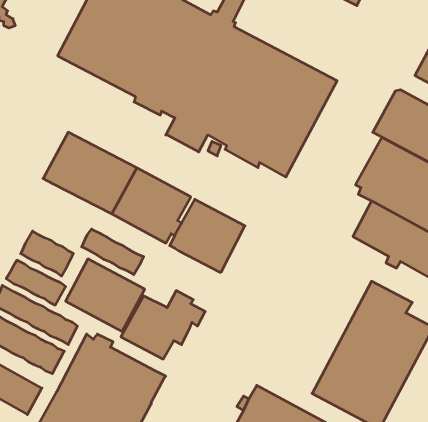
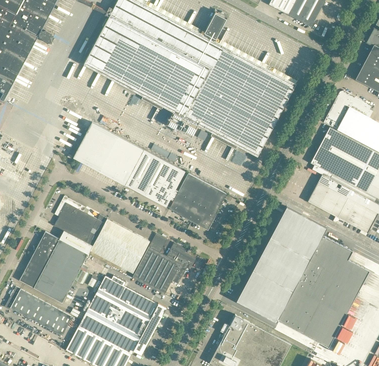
building: [82,229,144,275] -> none
building: none -> [235,207,325,322]

